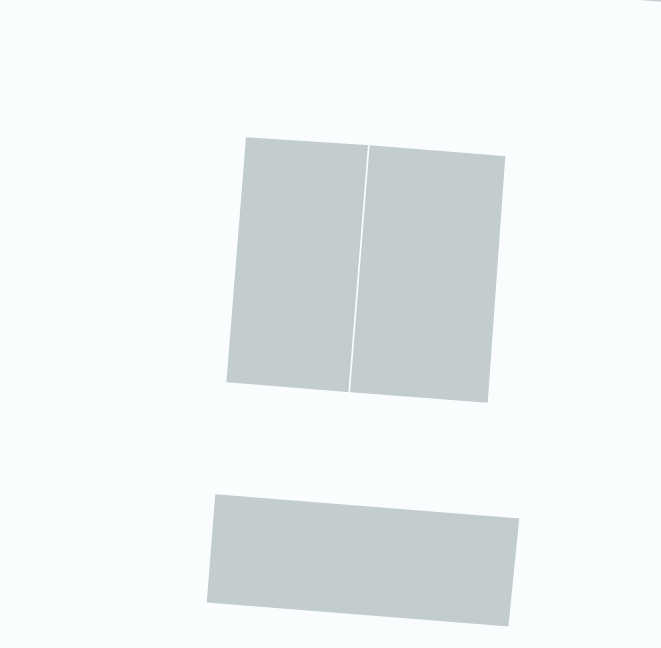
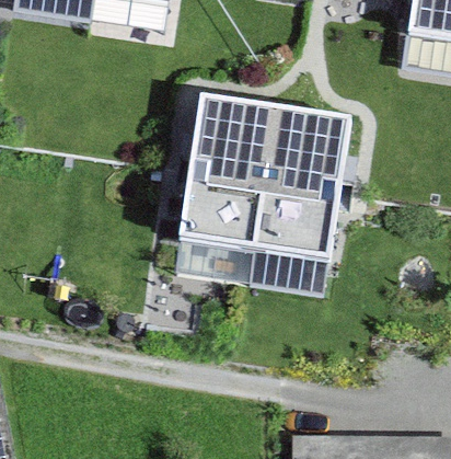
building: [206,494,520,627] -> none

